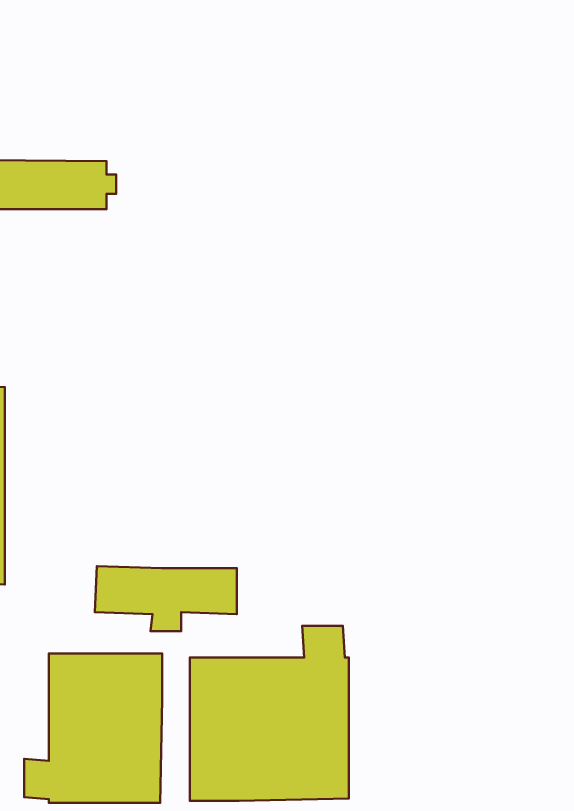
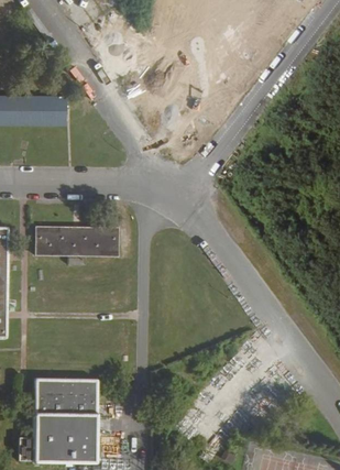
building: [95,566,237,631] -> [35,226,117,263]
building: [190,626,349,801] -> none

